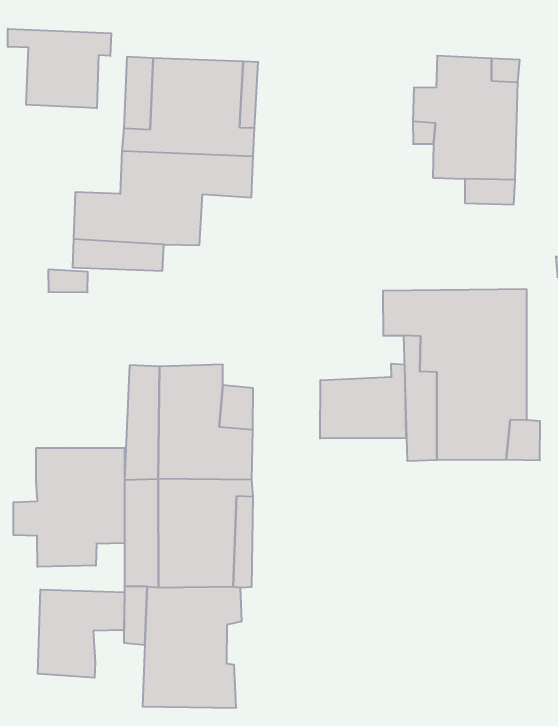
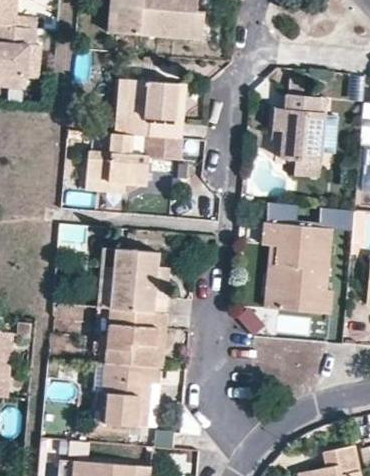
building: [8,29,111,108] -> none
building: [320,364,406,439] -> none
building: [13,448,125,567] -> none
building: [38,589,125,678] -> none

